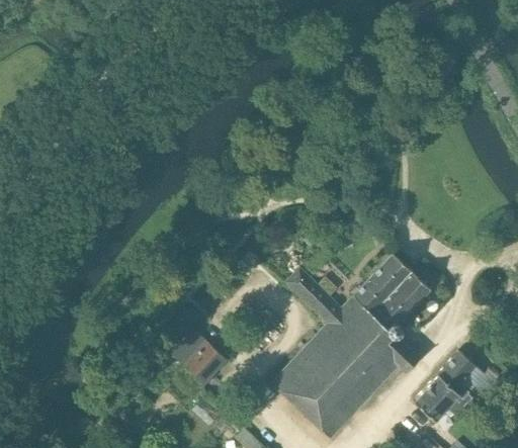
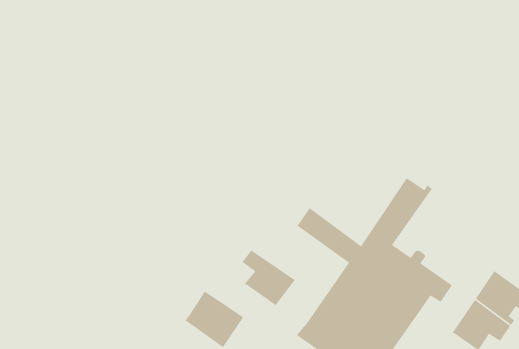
building: [370,272,430,328] -> none
building: none -> [242,250,296,306]

